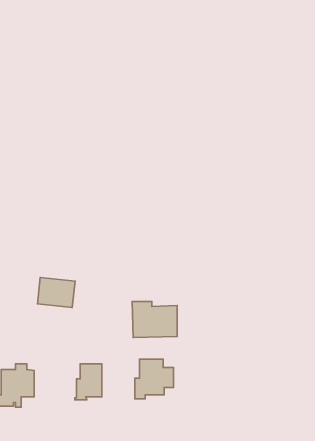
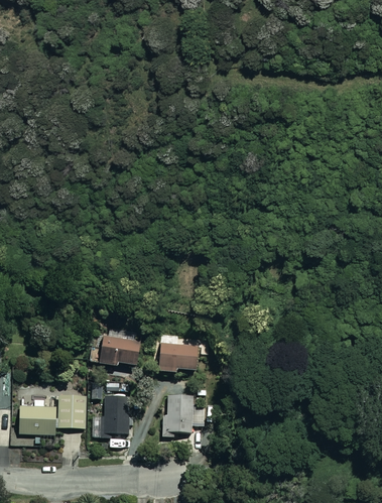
building: [37,277,75,308] -> [100,335,140,367]
building: none -> [57,395,86,428]

